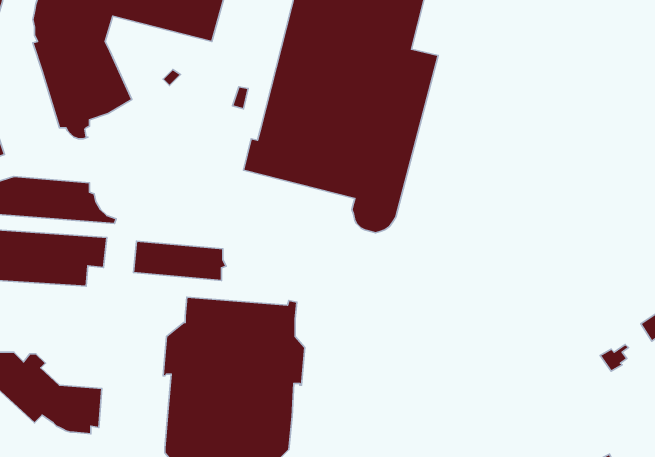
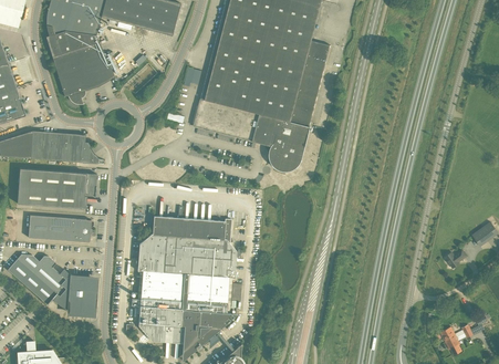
building: [133,241,226,280] -> [27,215,92,242]

